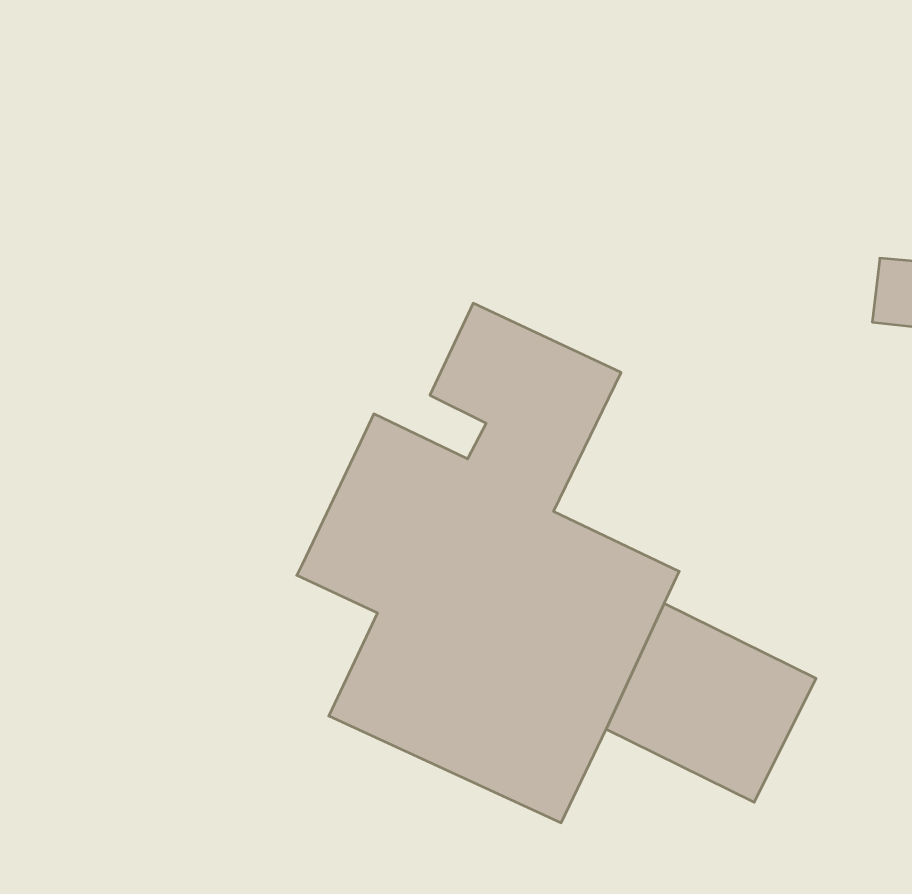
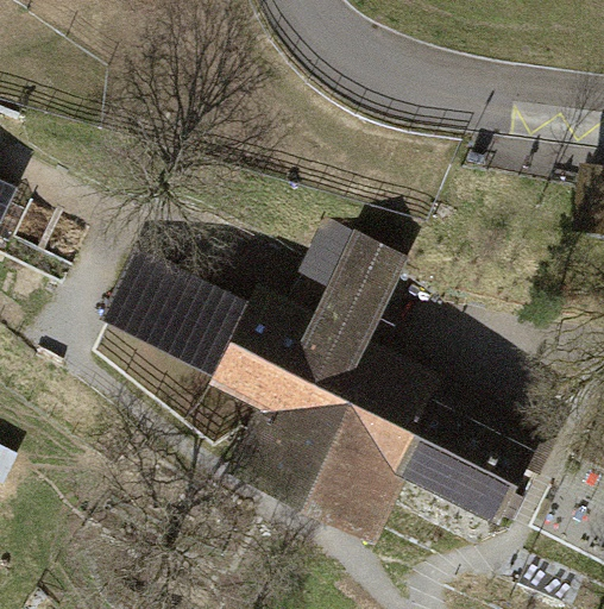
building: none -> [96,247,247,379]

